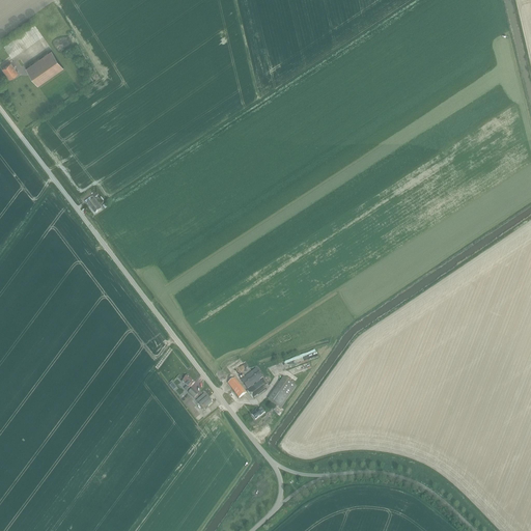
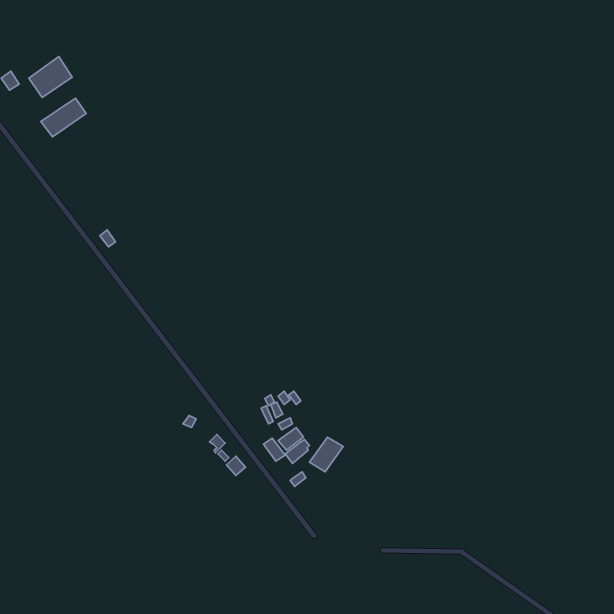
building: none -> [41,98,86,137]

